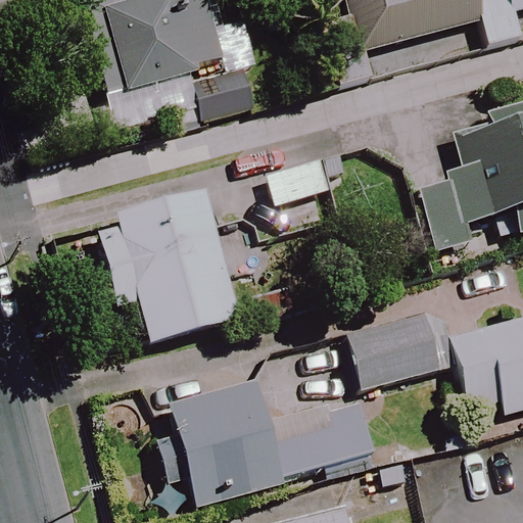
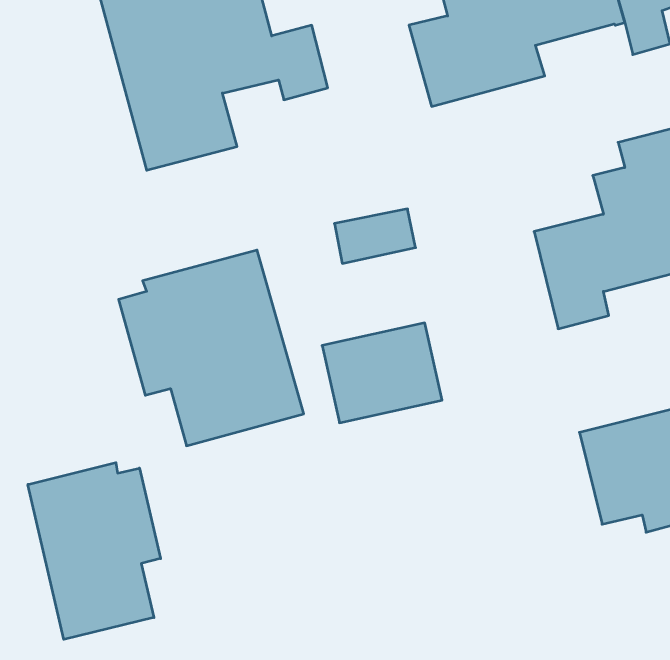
building: [347,313,439,389] -> [322,323,442,423]
building: none -> [28,463,161,639]
building: [172,377,374,501] -> none

